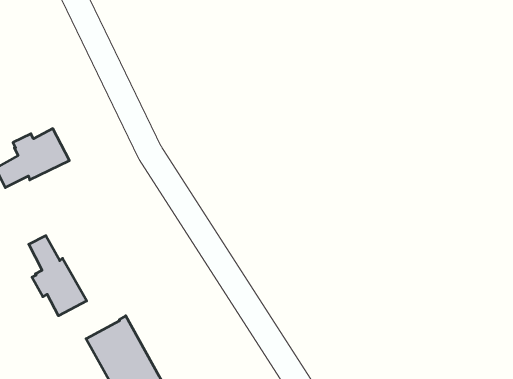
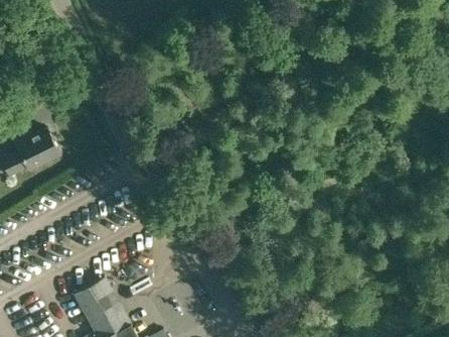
building: [29,236,87,316] -> none

